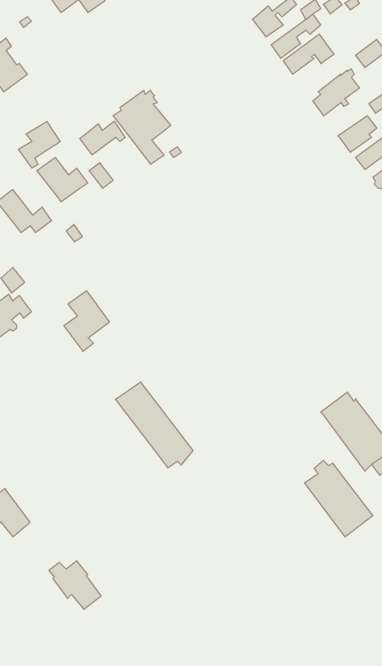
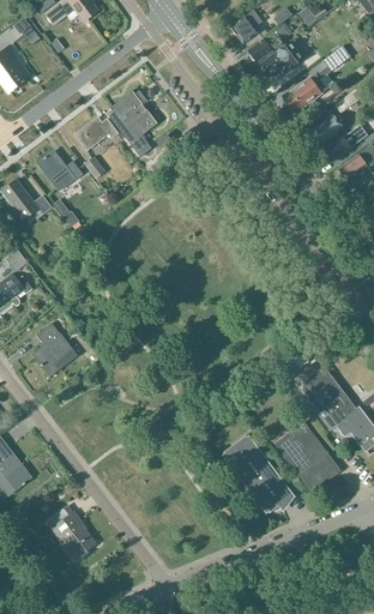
building: [19,121,60,168] -> none
building: [64,291,109,351] -> [34,323,74,377]
building: [115,382,193,468] -> [224,437,294,513]

